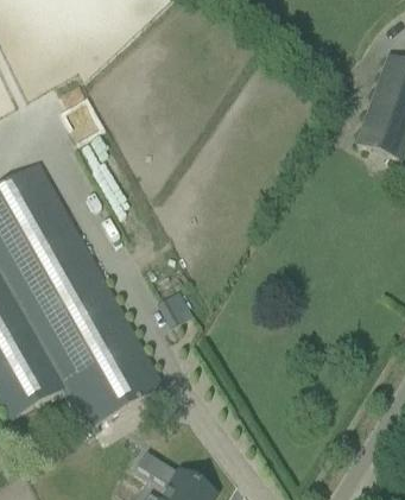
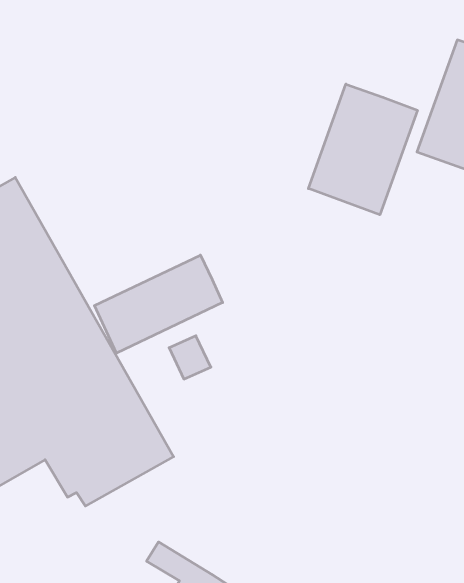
building: none -> [308,84,417,215]
building: none -> [94,255,223,353]

